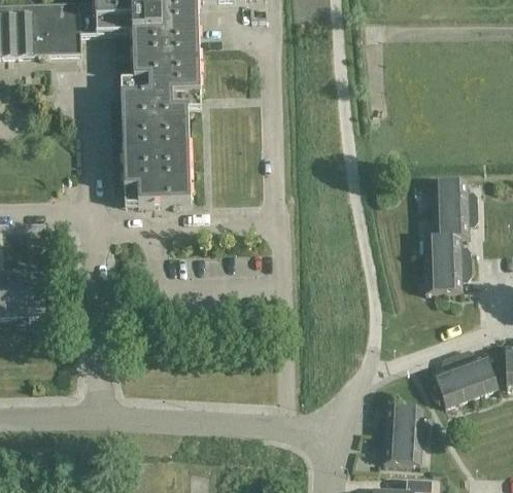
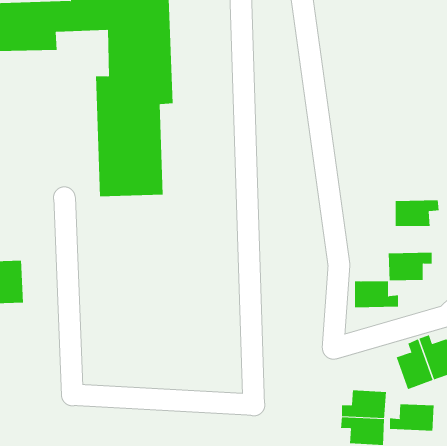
building: [430,181,476,210] -> none
building: [423,237,470,265] -> [354,281,399,308]
building: none -> [389,404,434,431]

